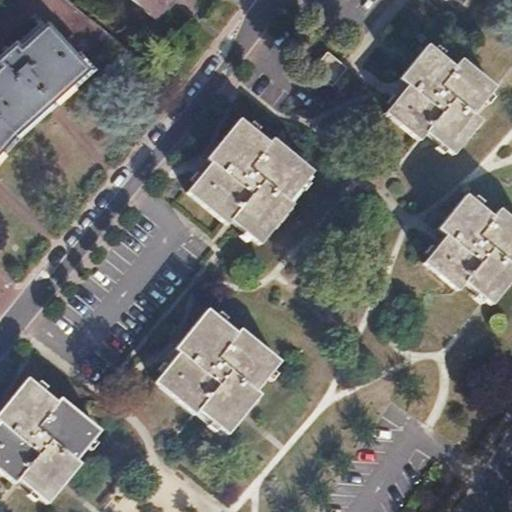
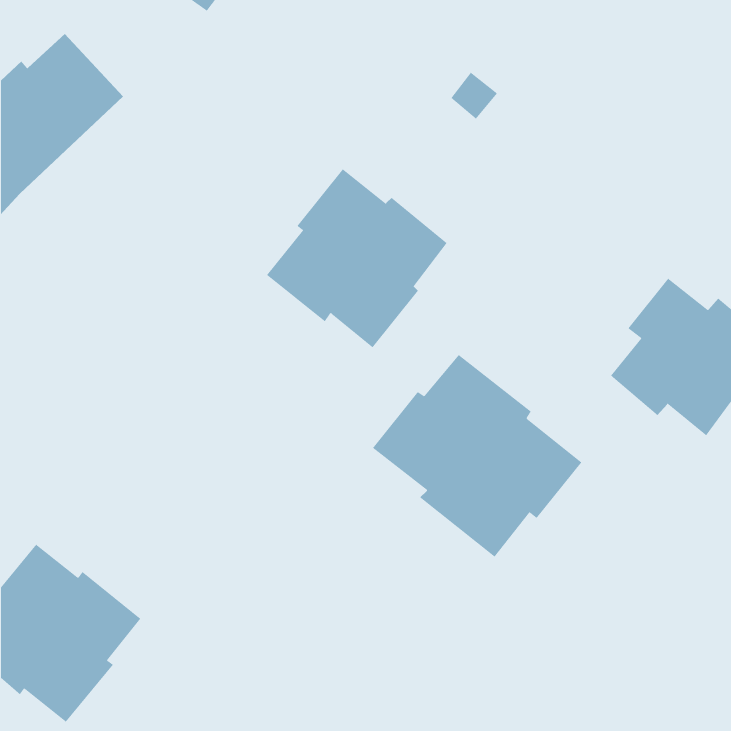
building: [387,39,498,150] -> none
building: none -> [372,354,582,558]
building: [157,307,280,432] -> none

